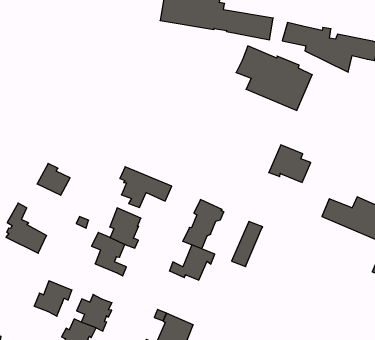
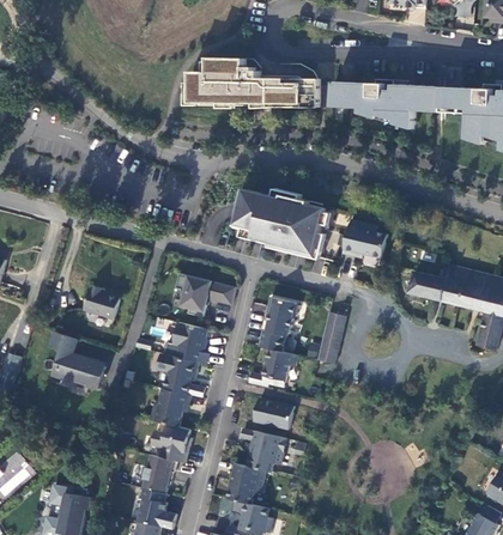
building: [236,46,312,110] -> [238,189,325,253]
building: [34,281,72,316] -> [150,389,189,427]
building: none -> [253,399,293,430]

